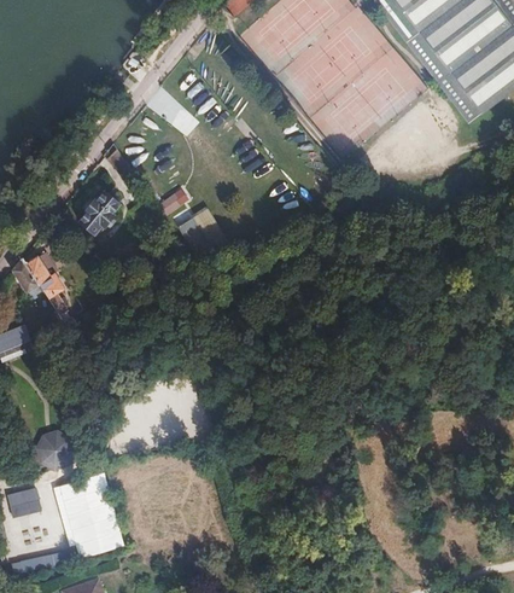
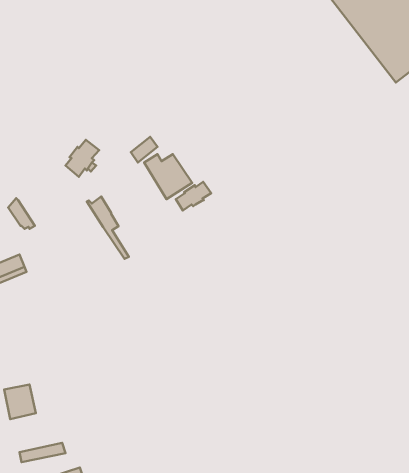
building: none -> [176,182,211,211]
building: [24,254,74,327] -> [87,196,129,259]
building: [39,430,76,467] -> none

